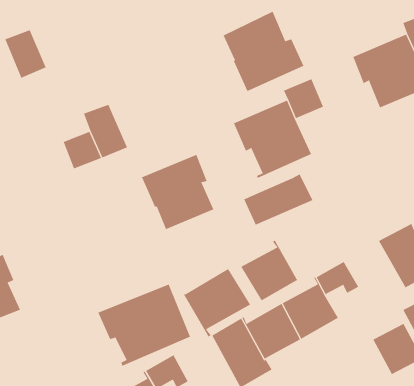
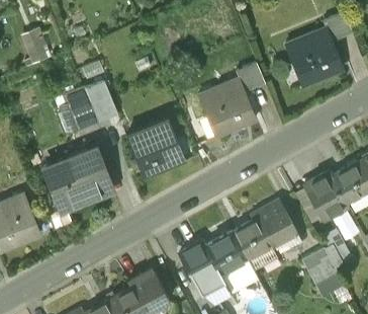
building: [223,11,304,92] -> none
building: [243,174,313,226] -> none
building: [241,240,298,301] -> none
building: [183,268,251,338] -> none
building: [97,284,191,367] -> [42,149,112,211]

